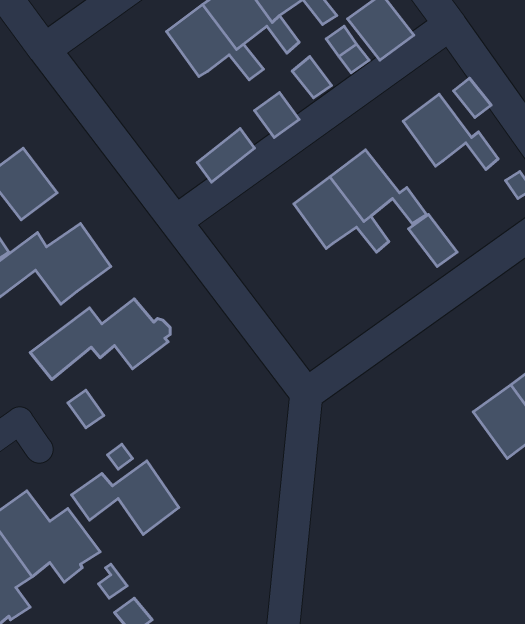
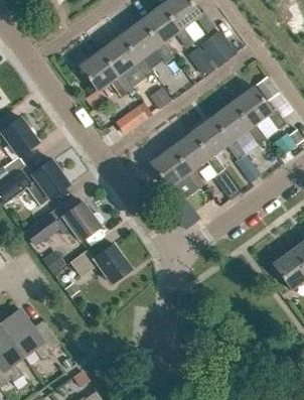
building: none -> [78,51,133,94]
building: none -> [210,102,265,144]
building: none -> [149,148,203,202]
building: [71,461,179,534] -> [69,243,130,284]

